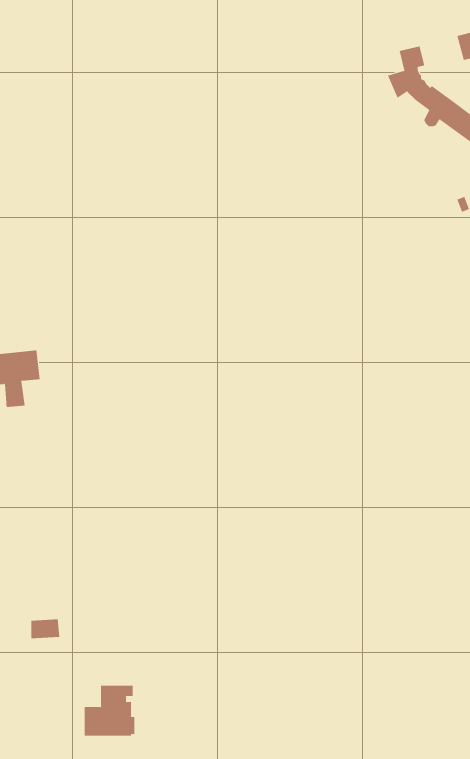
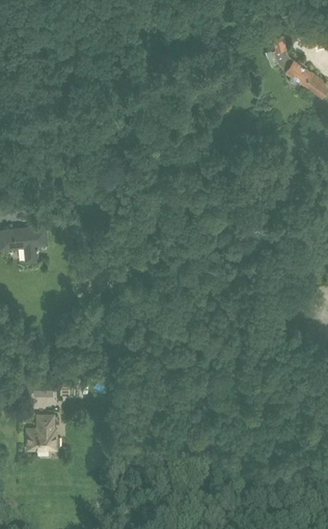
building: [84,685,135,736] -> [26,417,58,449]

